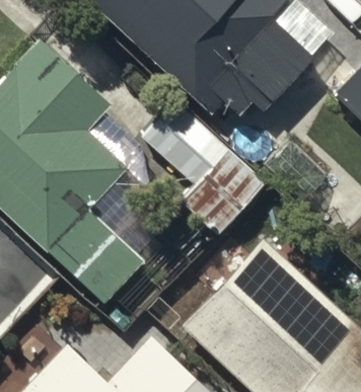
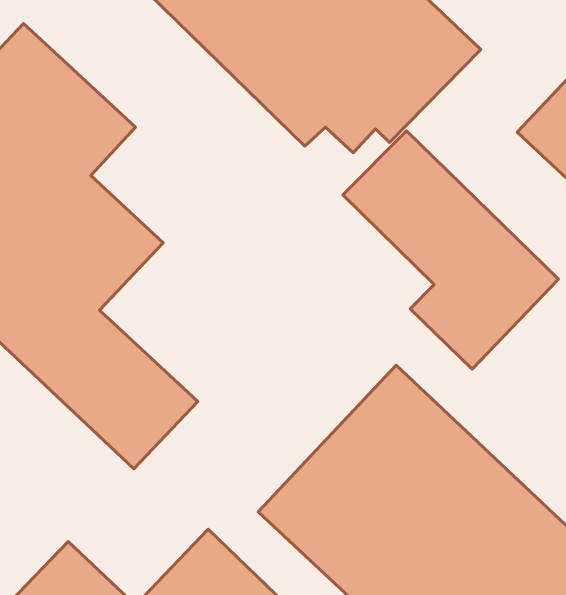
building: [139,99,266,239] -> [343,131,558,369]

